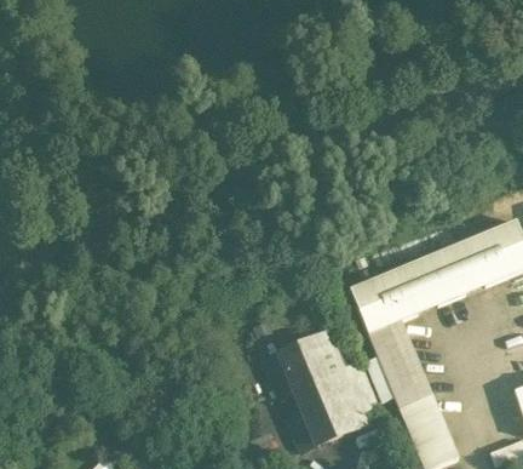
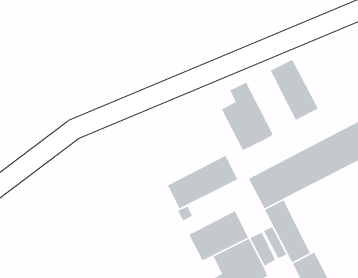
building: none -> [270,57,322,121]
building: none -> [221,82,274,151]
building: none -> [165,151,238,210]

